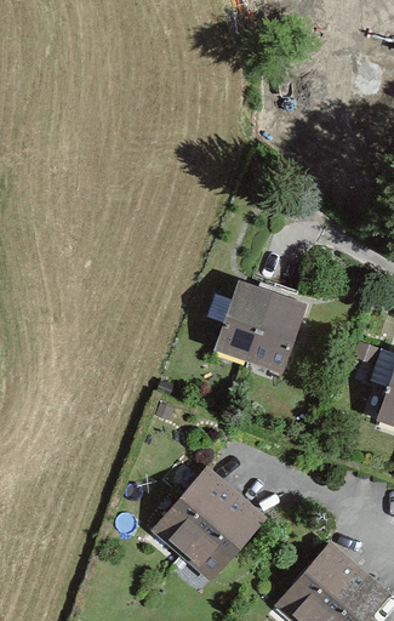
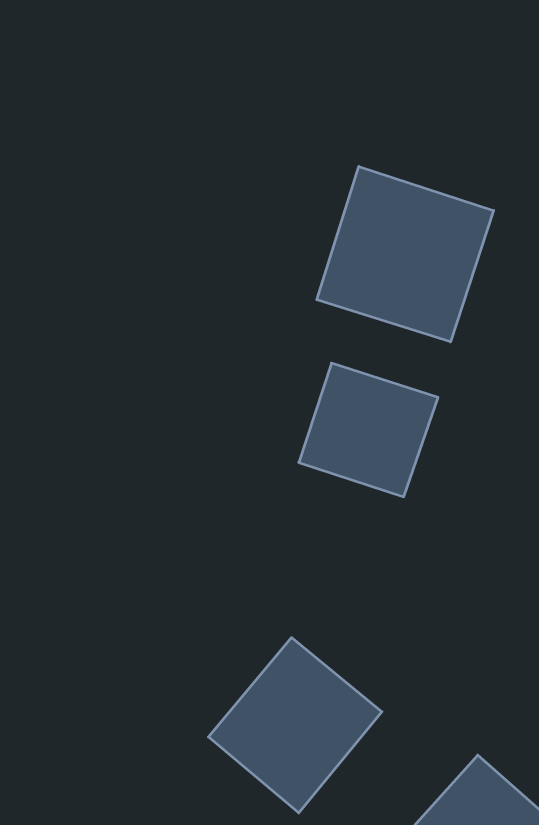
building: none -> [317,166,494,342]

